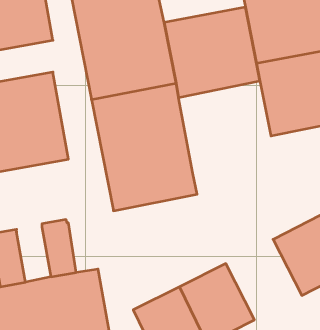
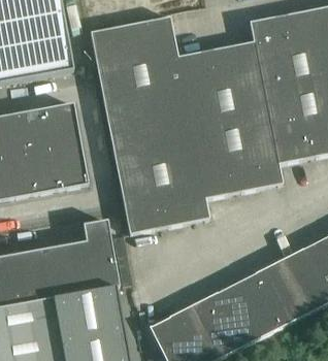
building: none -> [192,110,283,197]
building: none -> [84,219,121,290]
building: none -> [40,244,72,299]
building: none -> [236,259,307,334]

